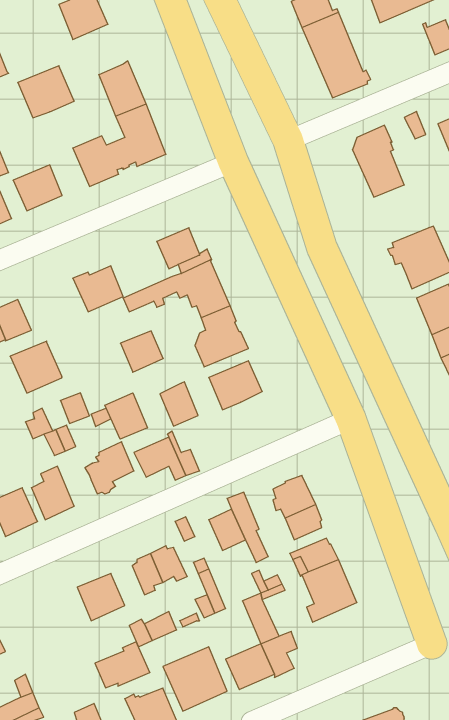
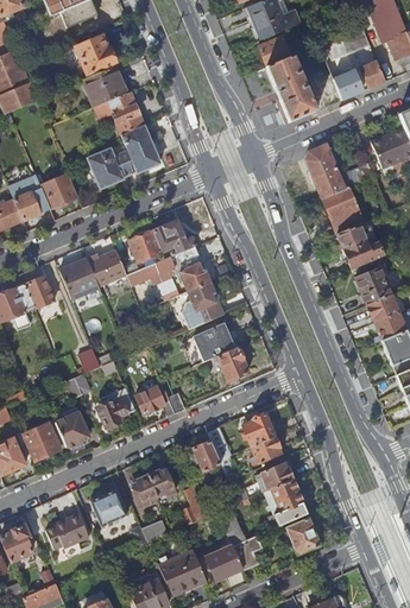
building: none -> [333,69,362,99]
building: [18,66,74,118] -> [82,66,126,107]
building: none -> [321,185,364,233]
building: [120,331,163,372] -> [128,232,162,264]
building: [10,341,62,393] -> [58,259,99,299]
building: [160,382,198,426] -> [217,347,247,381]
building: [105,393,147,439] -> none
building: none -> [286,517,321,555]
building: [95,642,150,688] -> [46,513,89,549]

